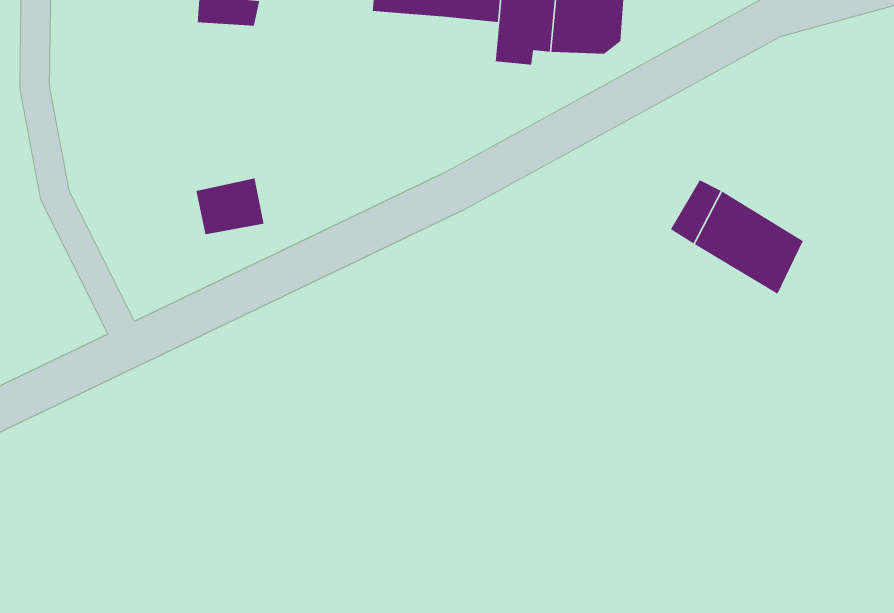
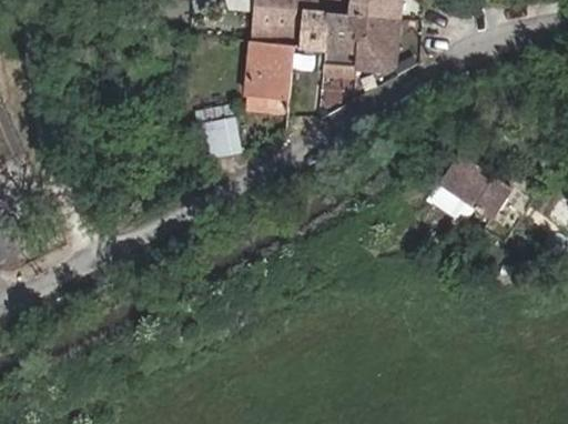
building: none -> [247,47,291,102]
building: [196,178,264,235] -> [201,119,242,153]

